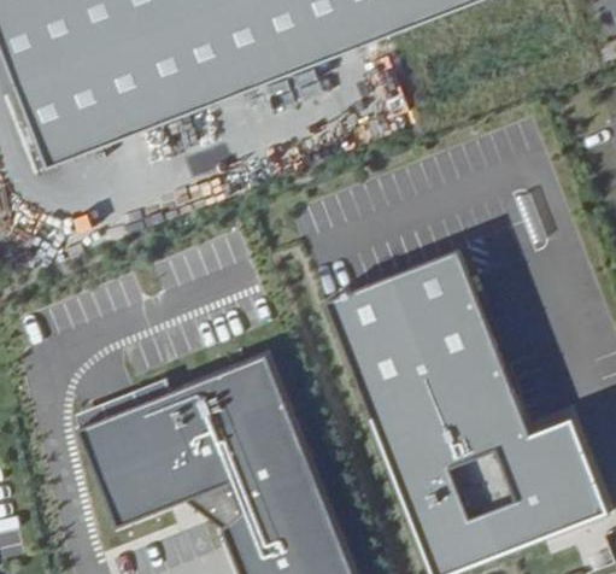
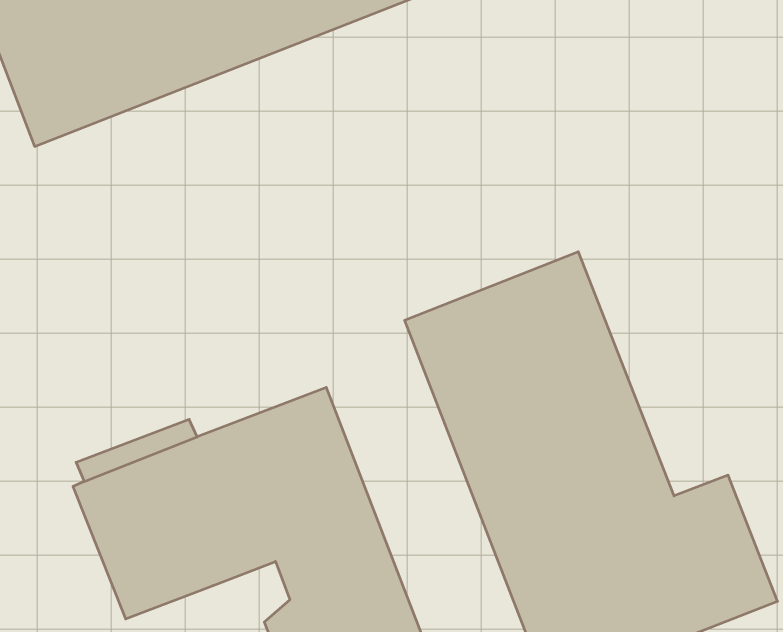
building: [183,480,241,526] -> none

